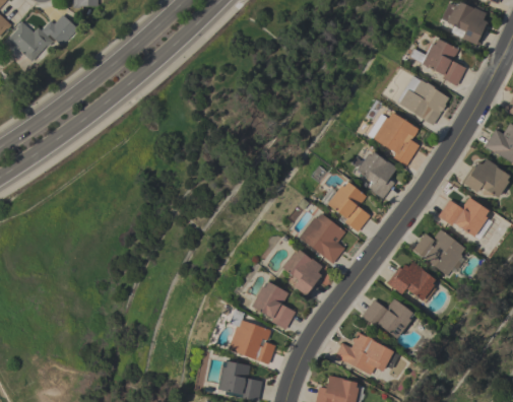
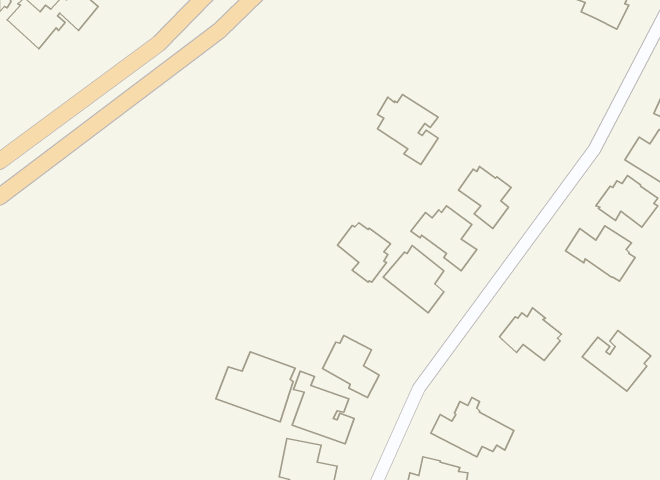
building: [410,39,466,86] -> none
building: [398,76,443,125] -> none
building: [373,112,420,165] -> [377,95,438,165]
building: [413,228,466,275] -> [582,331,651,391]
building: [282,250,323,295] -> [338,223,390,282]
building: none -> [216,352,295,422]
building: [363,298,414,338] -> none

